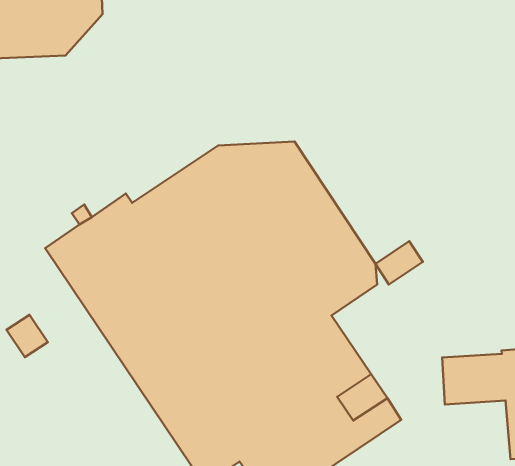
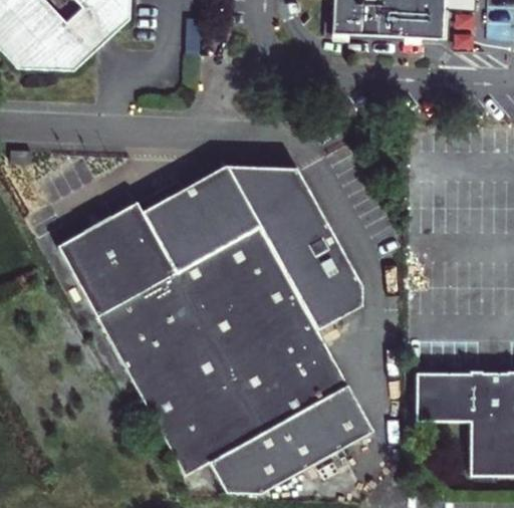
building: [375,241,423,285] -> none
building: [6,315,48,357] -> none

